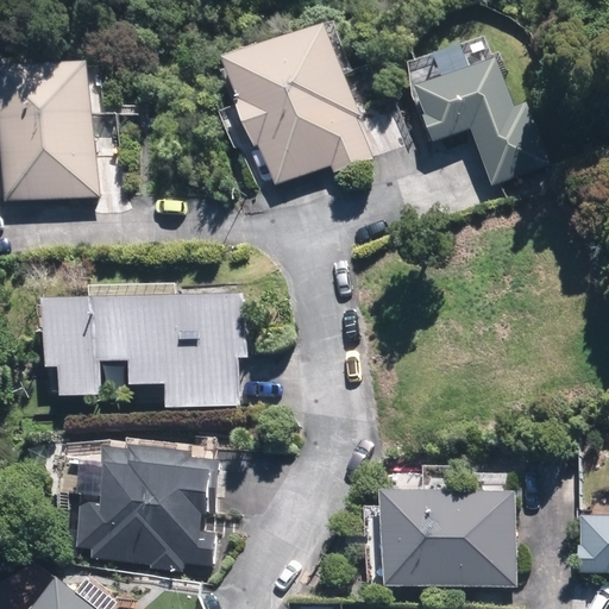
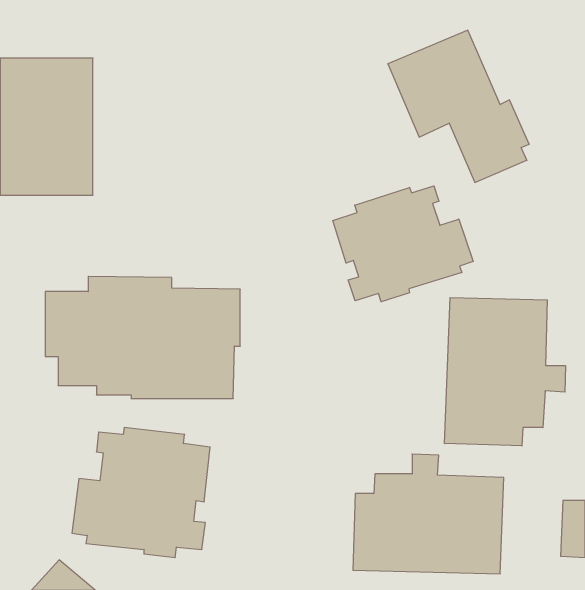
building: [233,27,376,182] -> none
building: none -> [333,186,473,302]
building: none -> [445,298,565,446]

